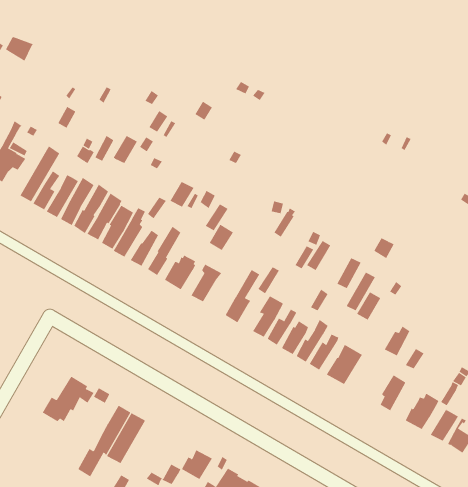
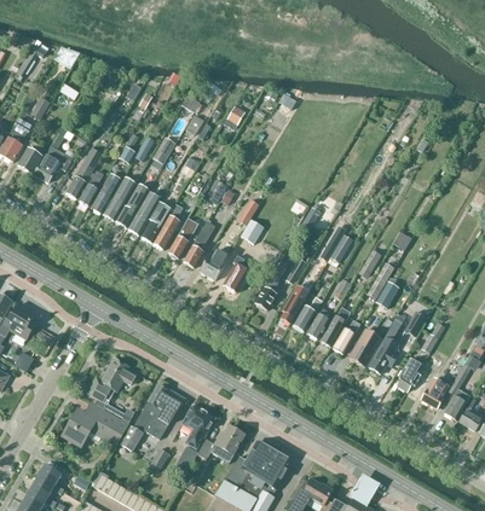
building: none -> [369,314,405,373]
building: none -> [181,405,215,449]
building: none -> [63,406,128,446]

